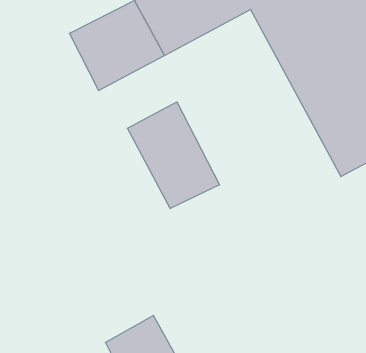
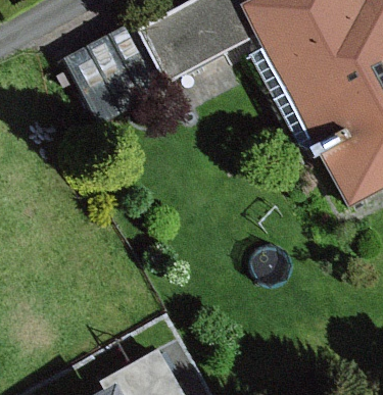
building: [127,102,220,209] -> none

